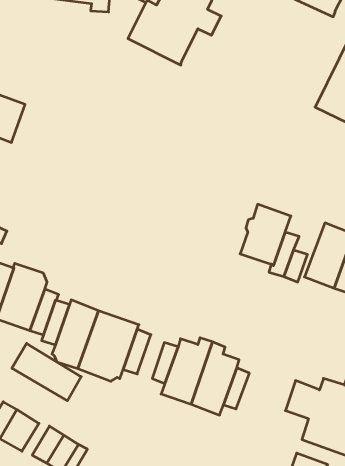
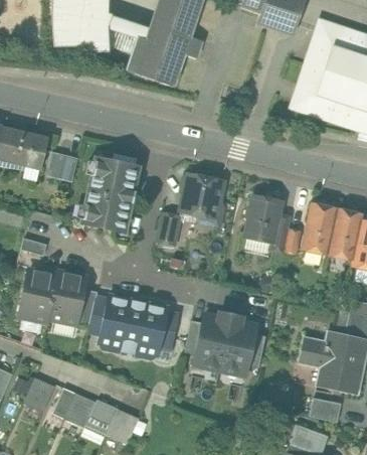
building: none -> [47,152,78,181]
building: none -> [82,157,138,233]
building: none -> [181,174,223,223]
building: none -> [157,212,180,245]
building: [12,343,81,401] -> none

